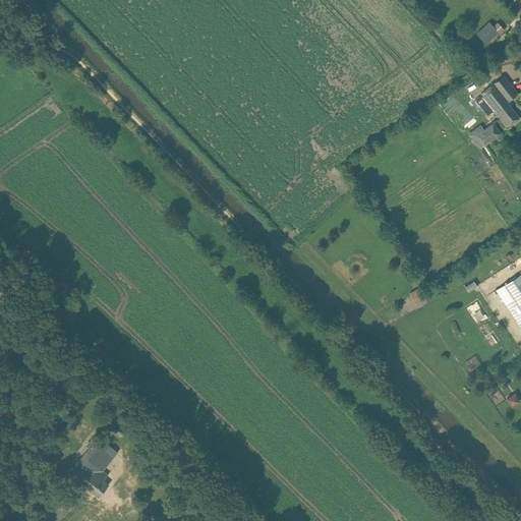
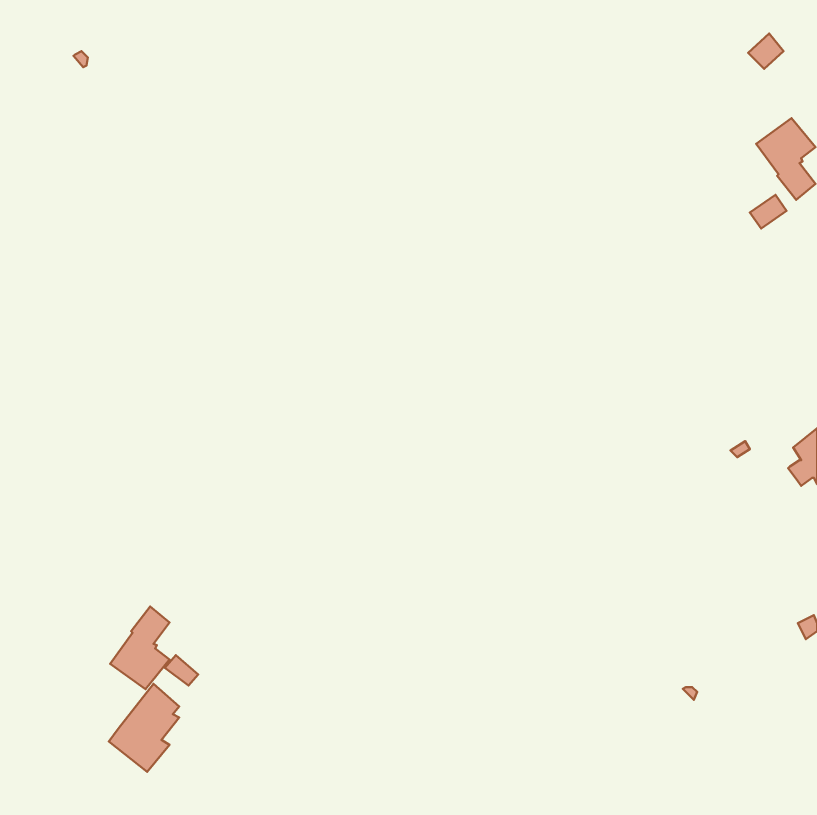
building: none -> [110,607,170,689]

